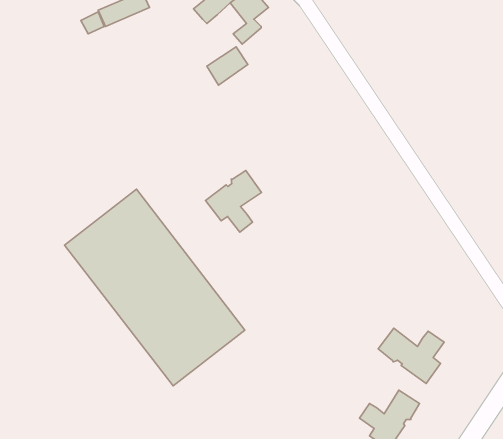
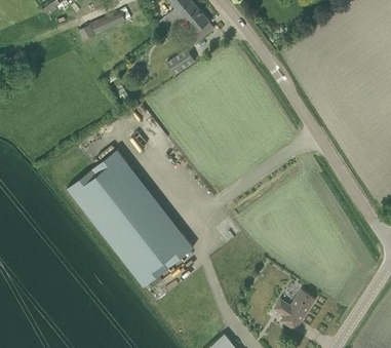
building: [206,171,261,232] -> none
building: [378,328,444,383] -> none

